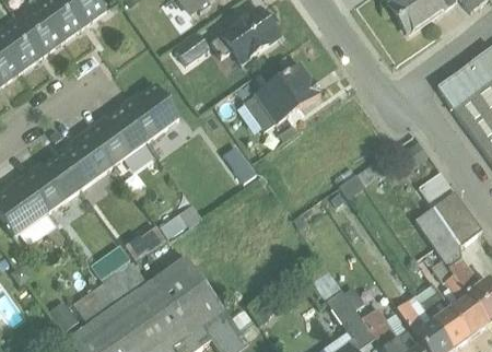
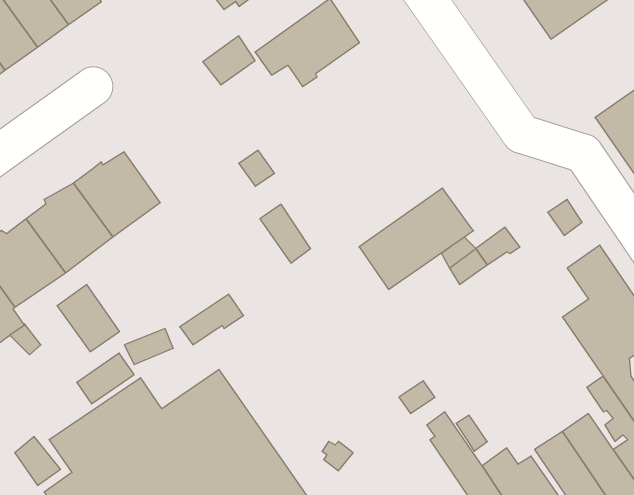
building: [244,63,320,131] -> [359,188,474,289]
building: [120,83,181,142] -> none
building: none -> [57,284,119,352]

